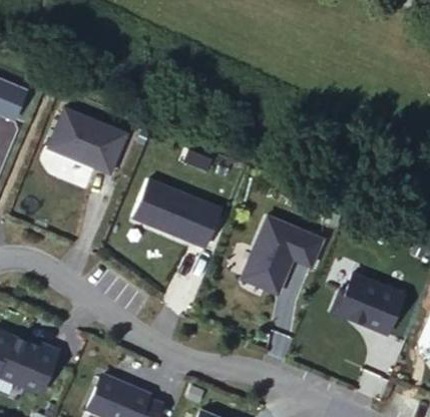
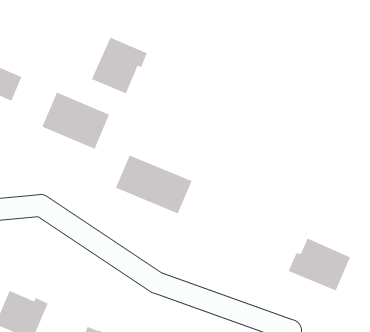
building: none -> [91,37,148,94]
building: [242,221,324,299] -> none

